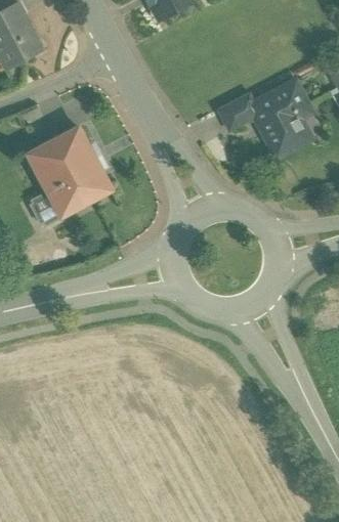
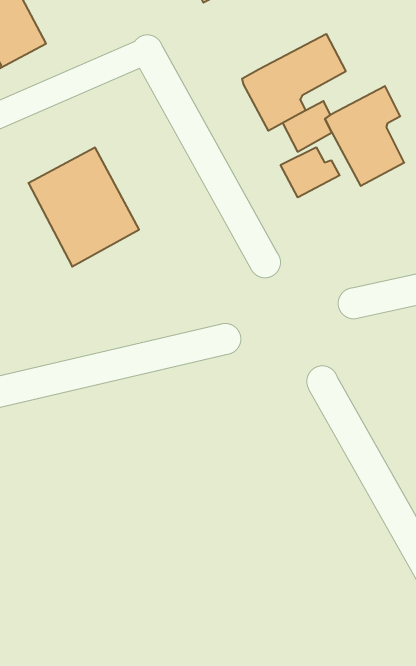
building: none -> [242,34,346,131]
building: none -> [281,147,340,197]

